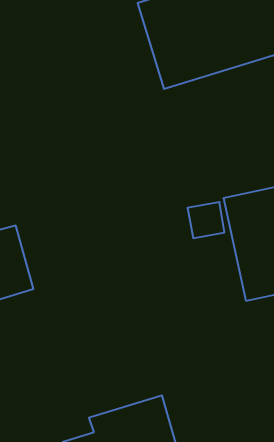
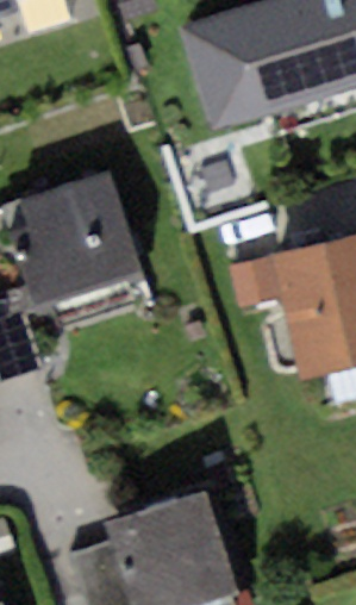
building: none -> [11,173,142,300]

